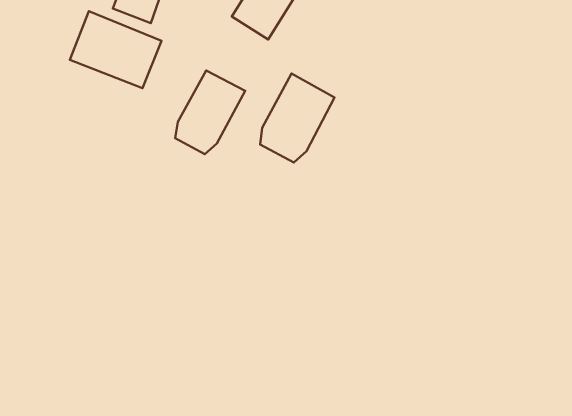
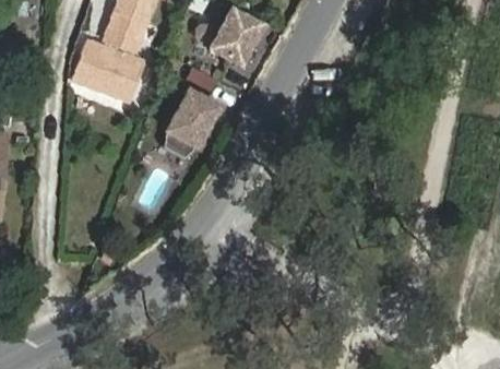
building: [260,73,335,162] -> none

